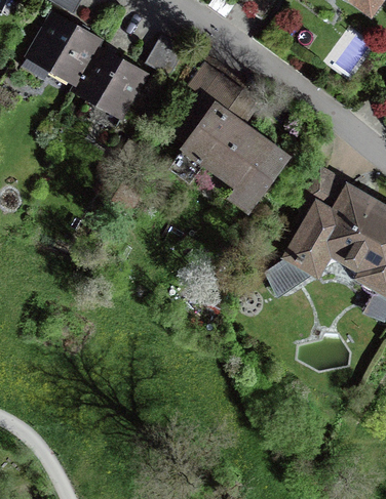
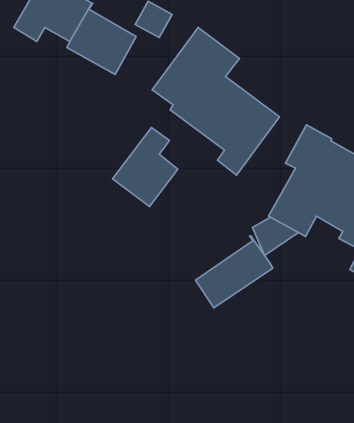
building: none -> [113,128,178,207]
building: none -> [196,236,273,308]

